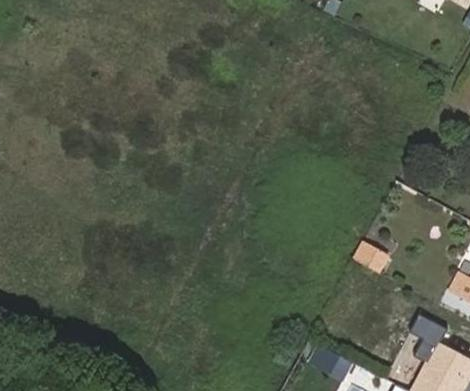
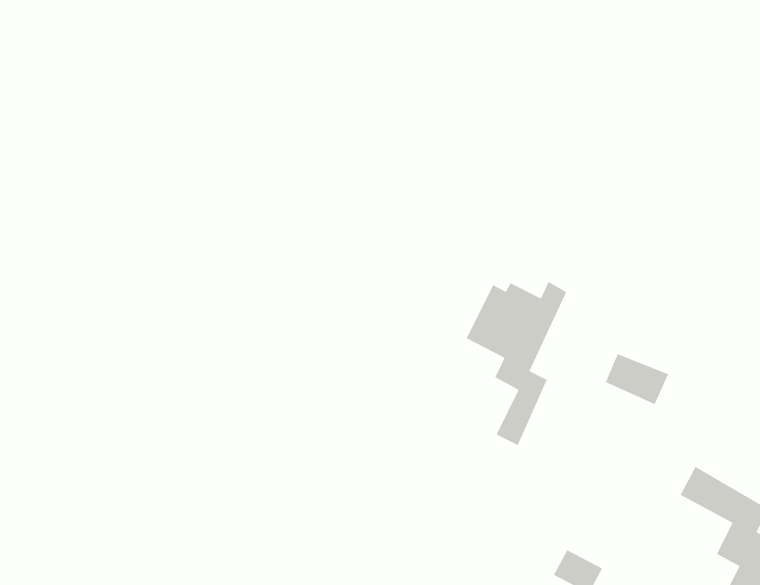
building: none -> [465,281,567,446]

